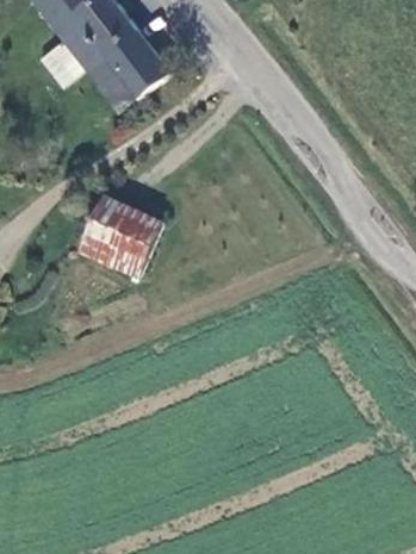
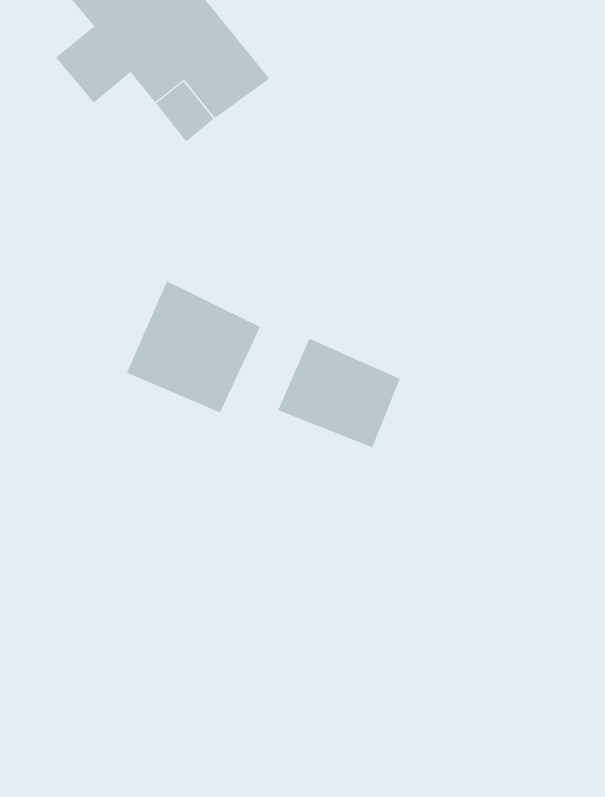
building: none -> [277,338,401,448]

